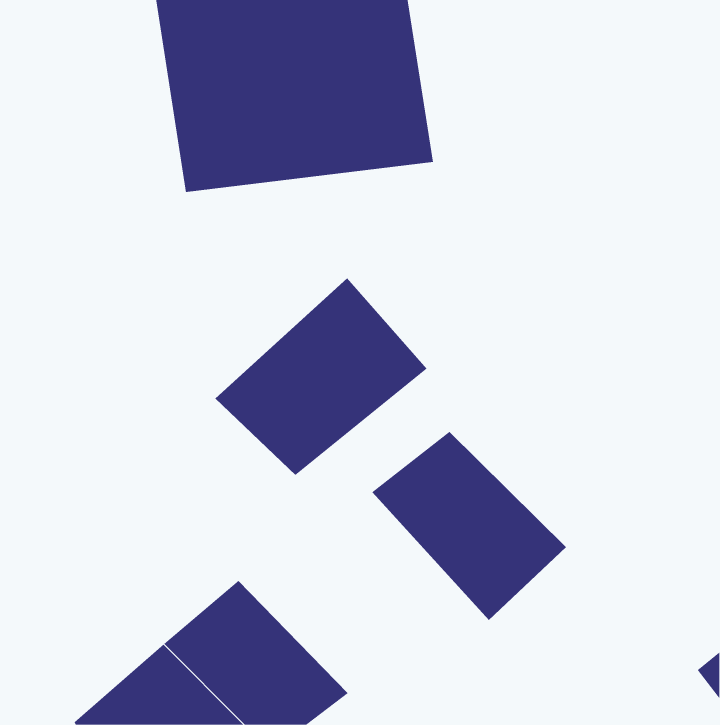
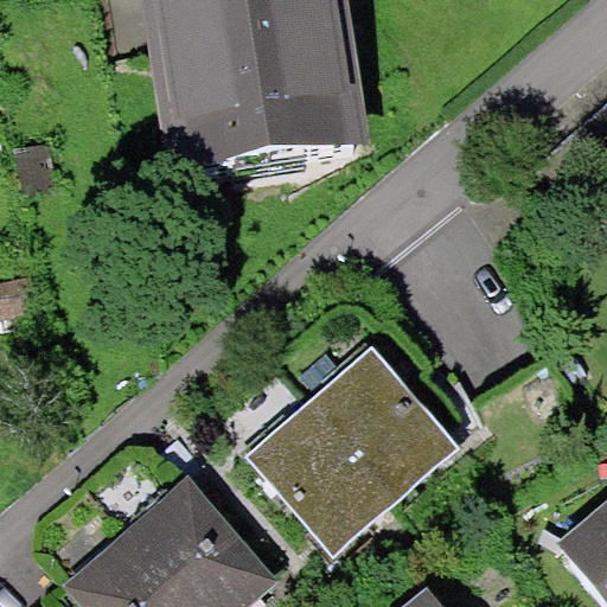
building: [215,278,427,476] -> none
building: none -> [245,403,401,564]

